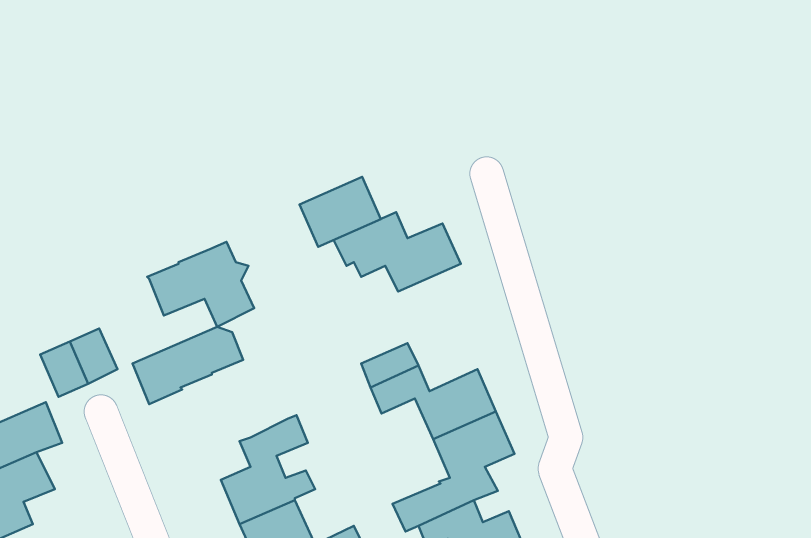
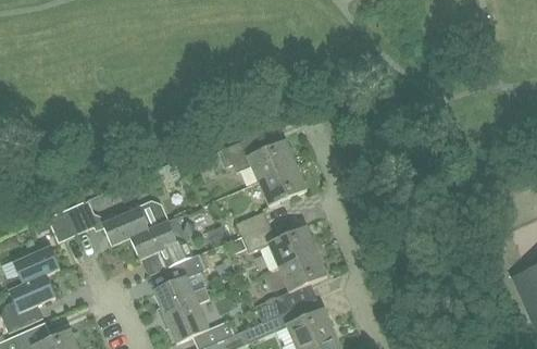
building: [300,177,381,247] -> [259,163,307,204]
building: [147,242,254,327] -> [130,215,193,265]

